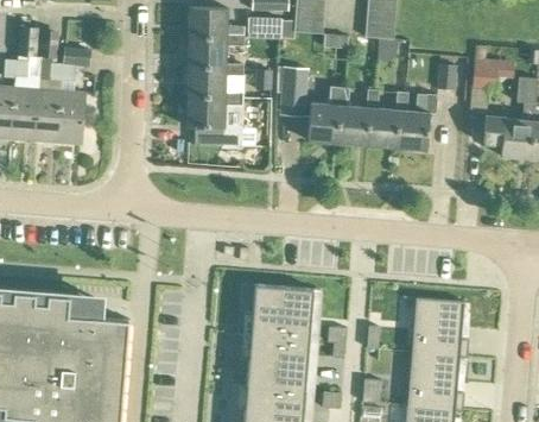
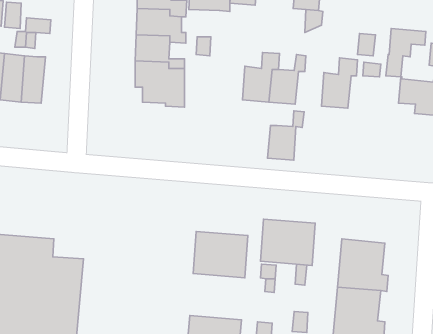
building: [278,67,307,116] -> none
building: [366,92,407,147] -> [267,111,304,160]
building: [247,336,309,389] -> [260,219,315,265]

